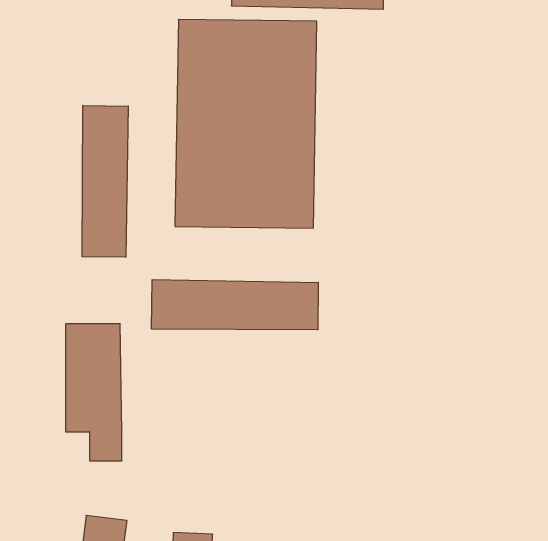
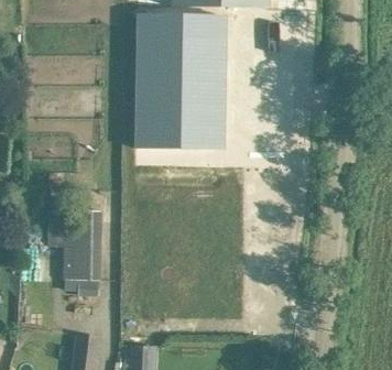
building: [82,105,128,257] -> none
building: [151,280,318,330] -> none

